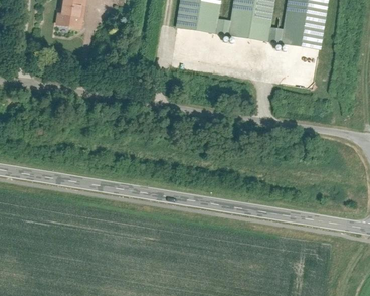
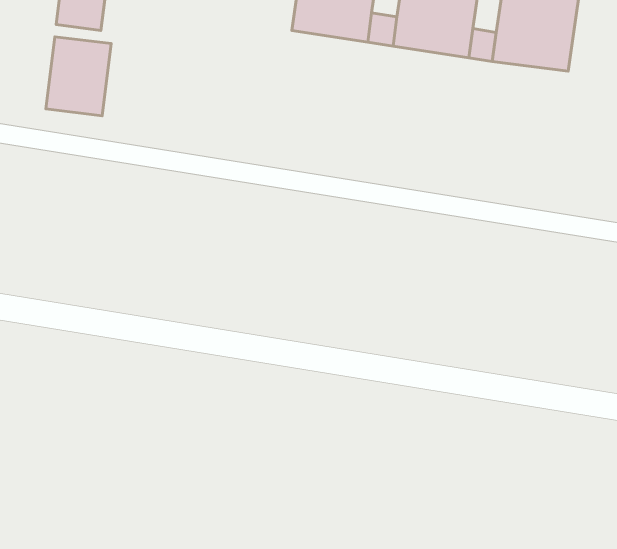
building: none -> [46,37,111,116]

